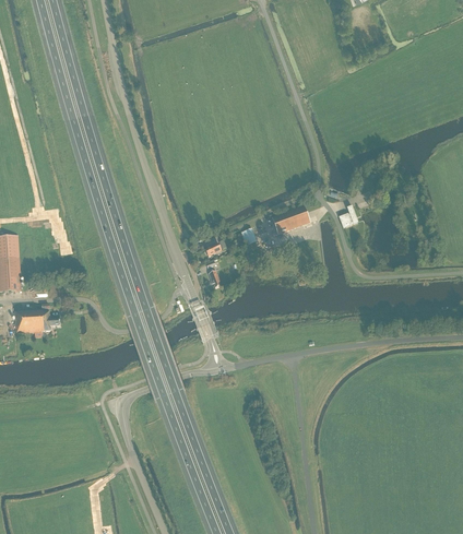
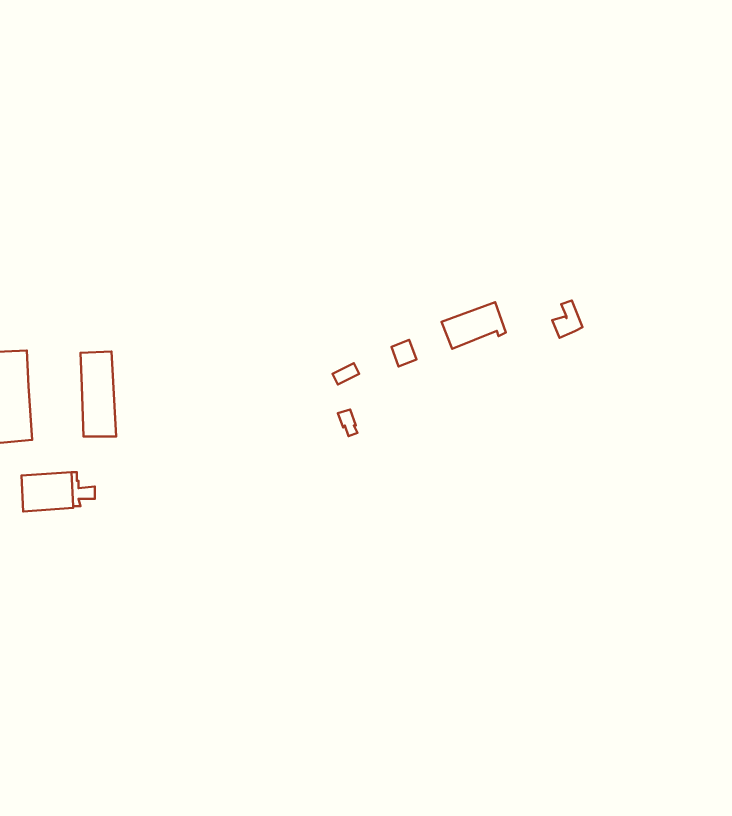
building: none -> [80,351,116,436]

